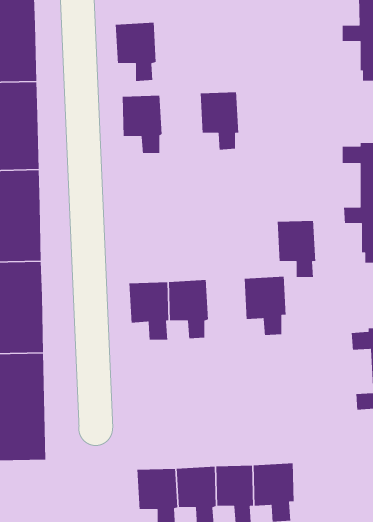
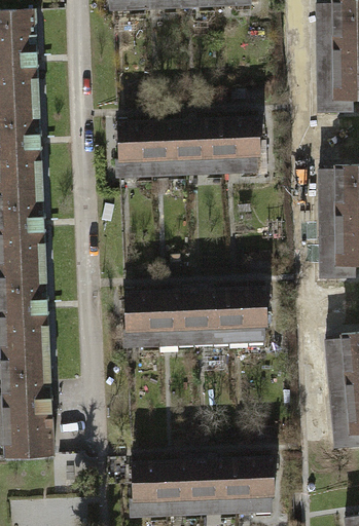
building: [115,22,157,82] -> [151,121,189,176]
building: none -> [221,118,259,173]
building: [277,220,316,278] -> [193,290,229,342]

